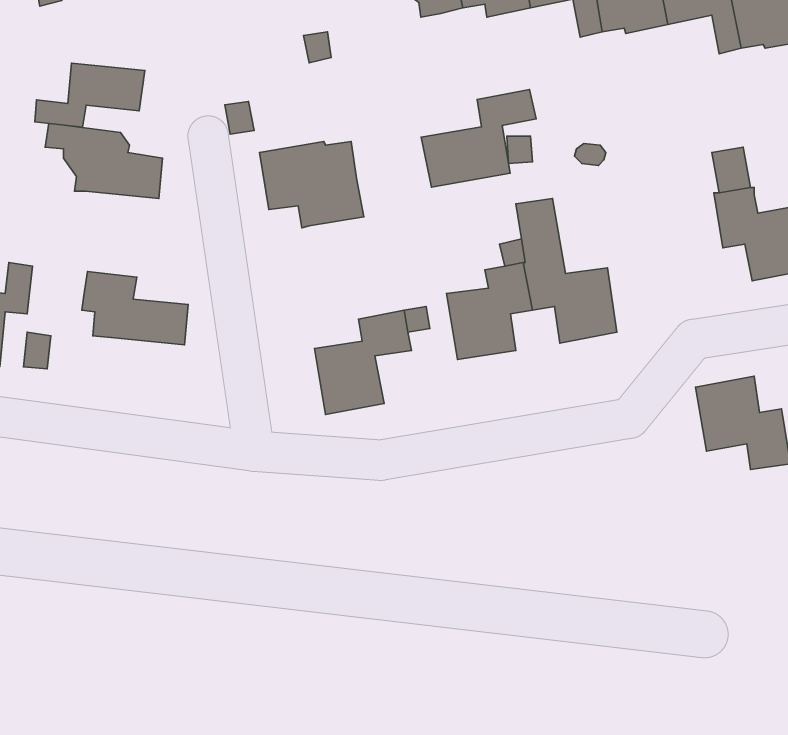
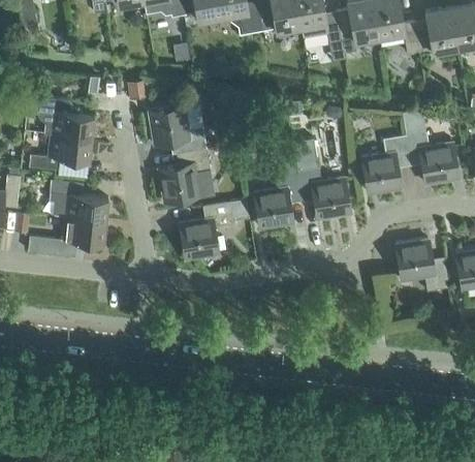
building: [35,63,145,127] -> [30,133,92,170]
building: [421,89,536,187] -> none
building: none -> [362,134,410,193]
building: none -> [158,148,211,202]
building: none -> [29,216,106,255]

